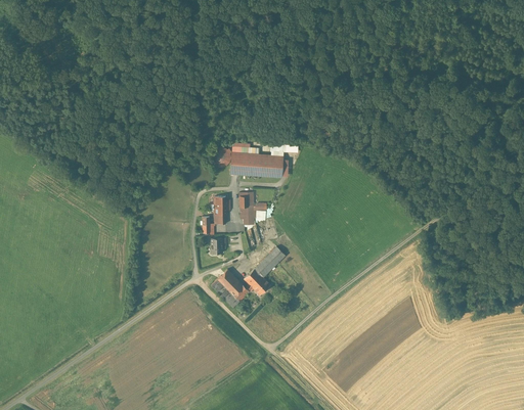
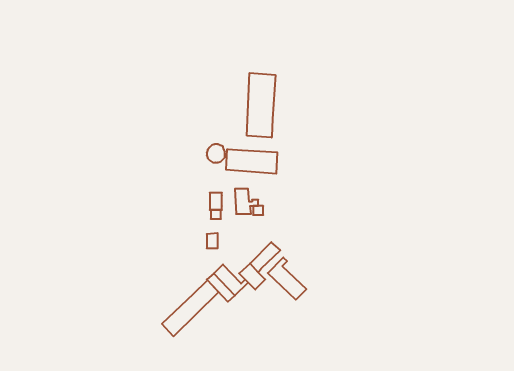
building: none -> [247,73,275,138]
building: none -> [268,257,306,300]
building: none -> [162,280,219,336]

